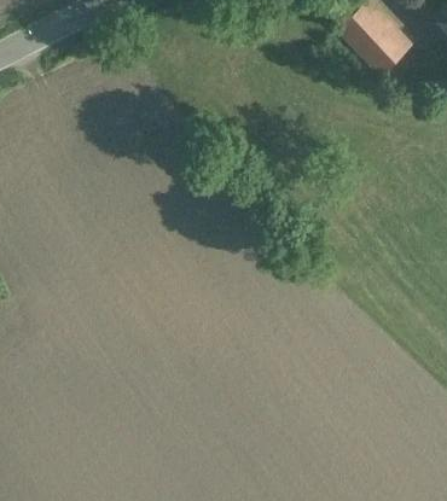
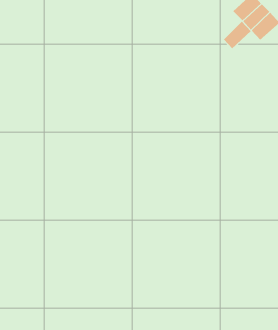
building: none -> [223,21,252,49]

